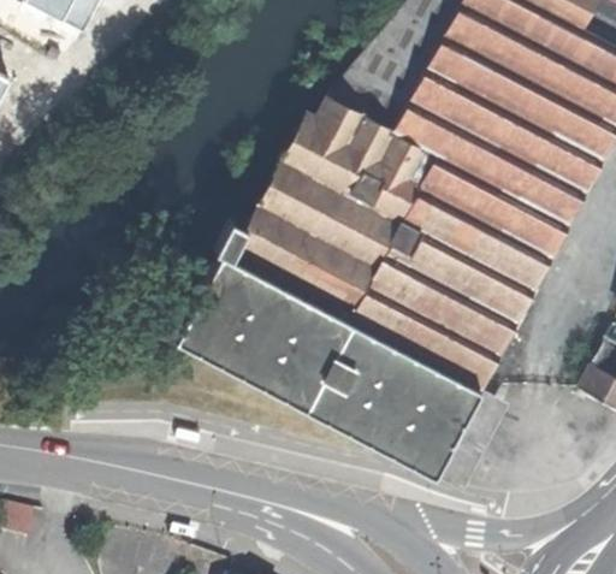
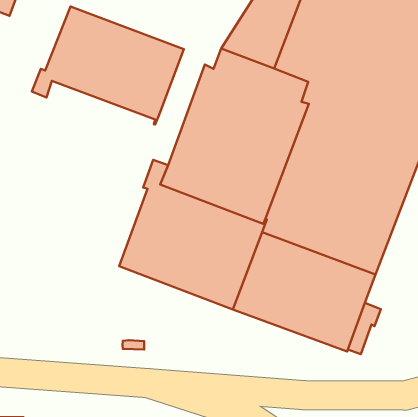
building: none -> [32,6,184,124]

